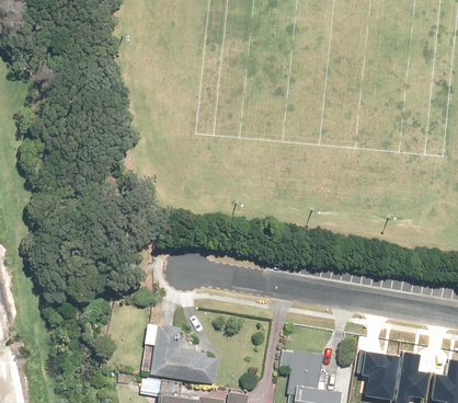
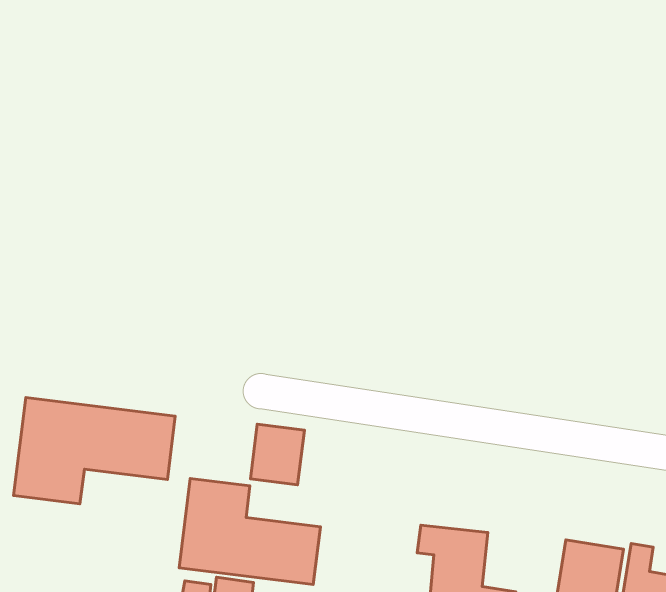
building: none -> [14,397,175,504]
building: none -> [250,424,304,485]

